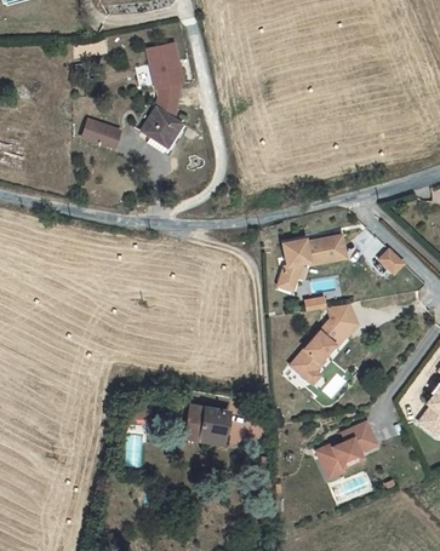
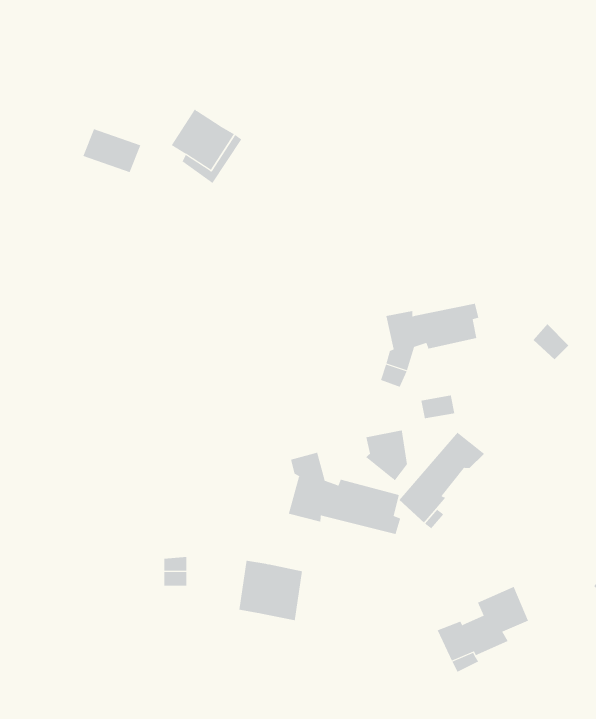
building: [148,44,183,119] -> none
building: [330,302,358,335] -> [366,430,408,481]
building: none -> [288,452,401,535]

